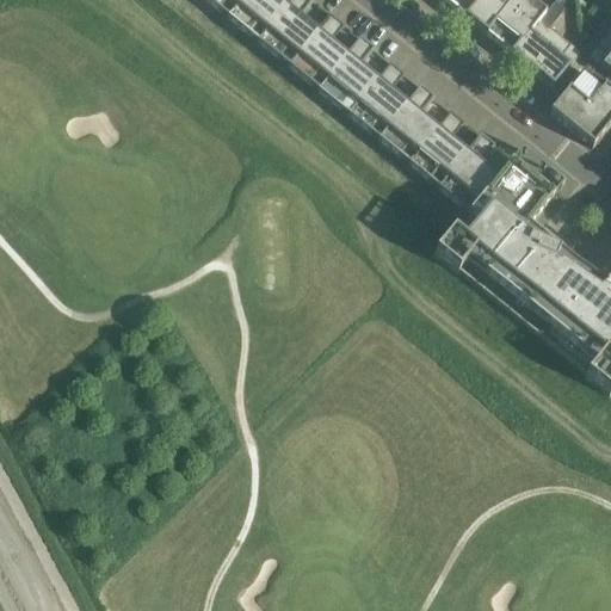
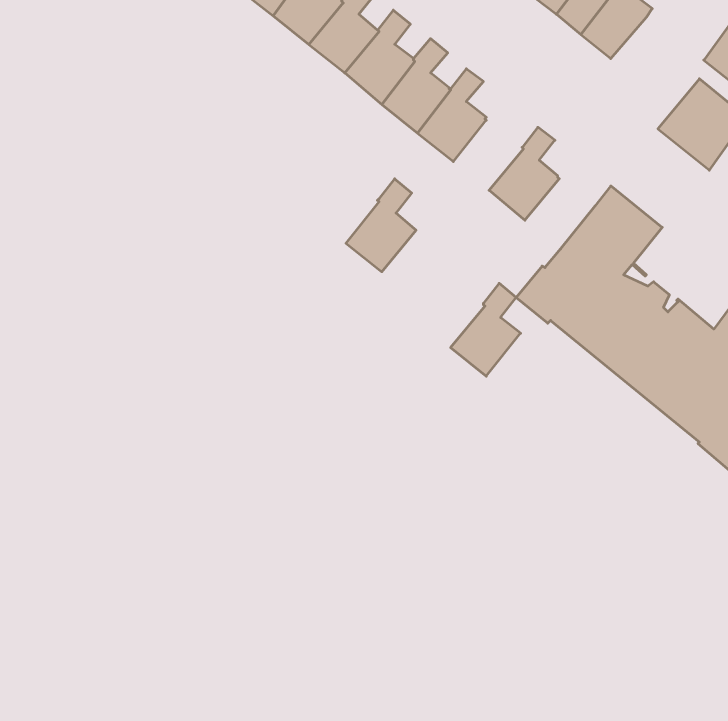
building: [512,14,582,82] -> none
building: [381,81,439,159] -> [346,179,416,272]
building: [440,130,499,208] -> [451,283,521,376]

